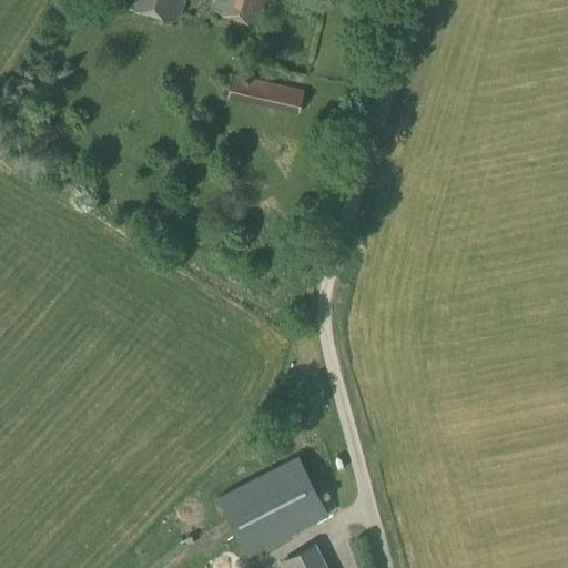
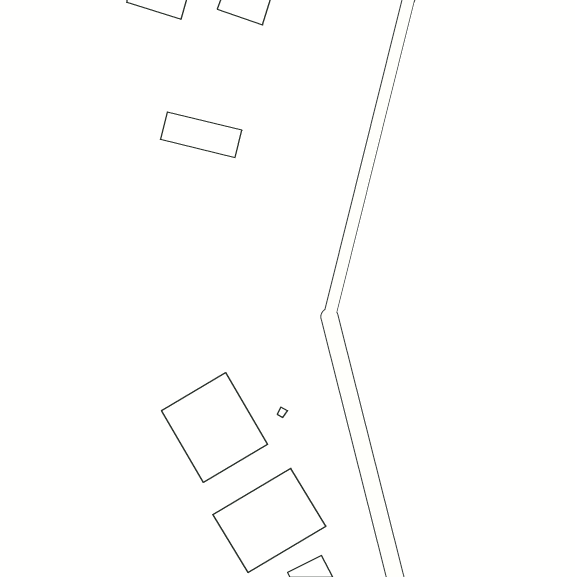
building: [229,72,308,116] -> [160,112,242,157]
building: none -> [162,373,268,482]

